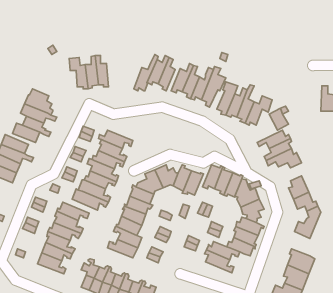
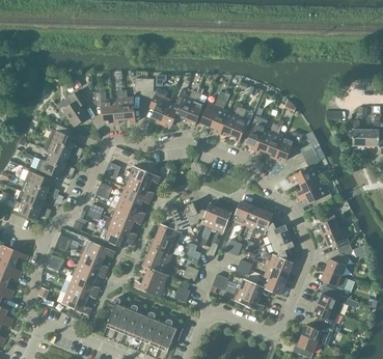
building: none -> [148,87,170,123]
building: none -> [62,89,87,127]
building: none -> [321,270,348,298]

